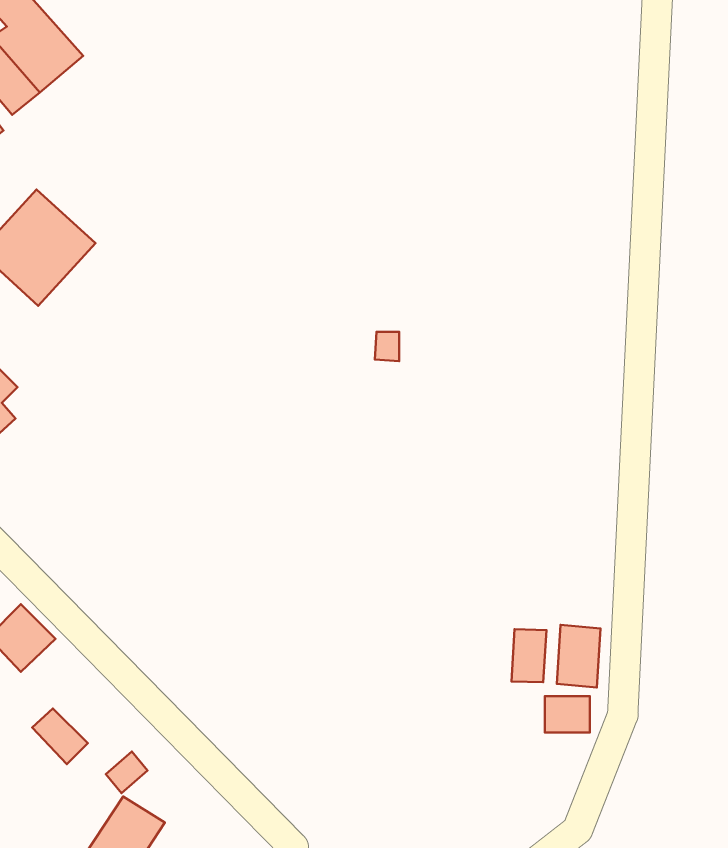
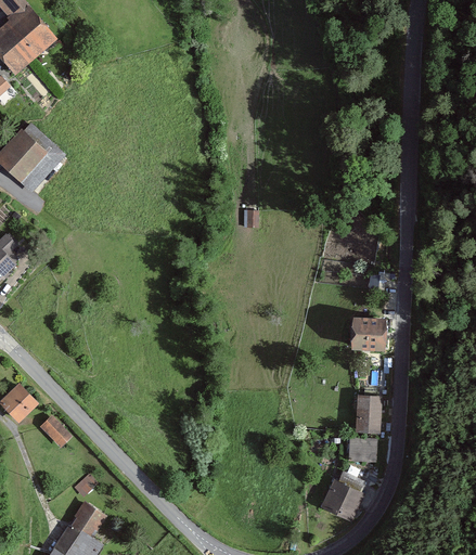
building: none -> [351,320,388,350]
building: [512,629,546,682] -> none
building: [32,709,88,764] -> [39,414,74,449]
building: none -> [319,478,363,520]

